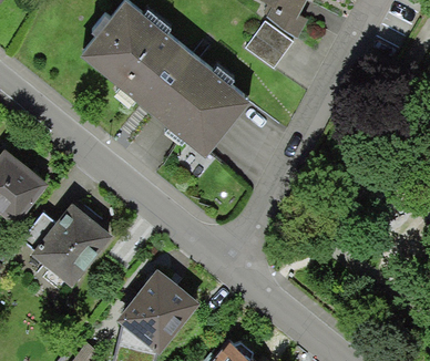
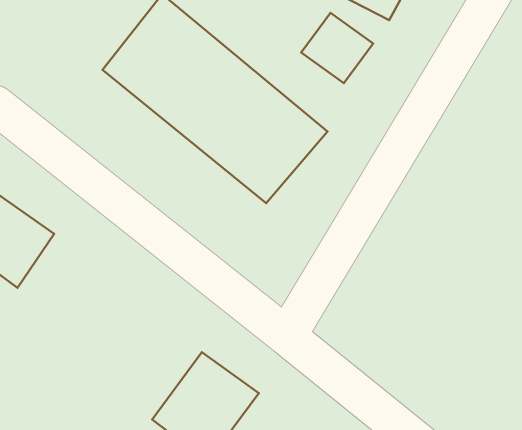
building: [32,200,116,287] -> none

